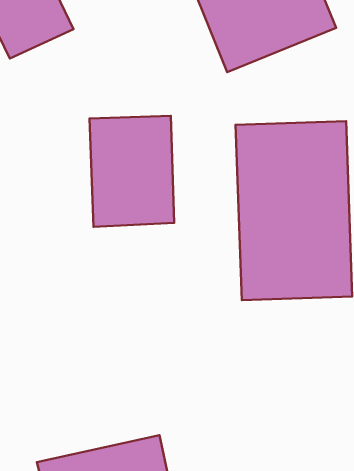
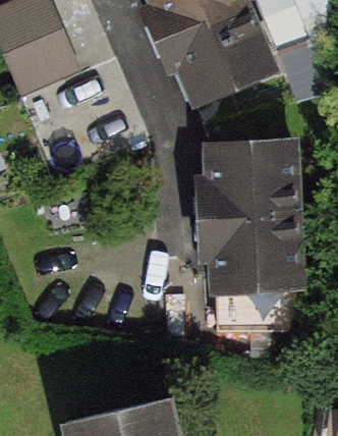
building: [89,116,174,227] -> none

